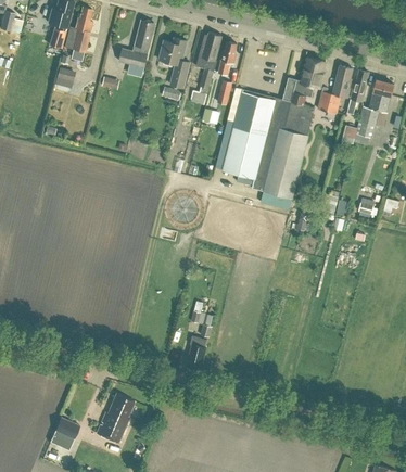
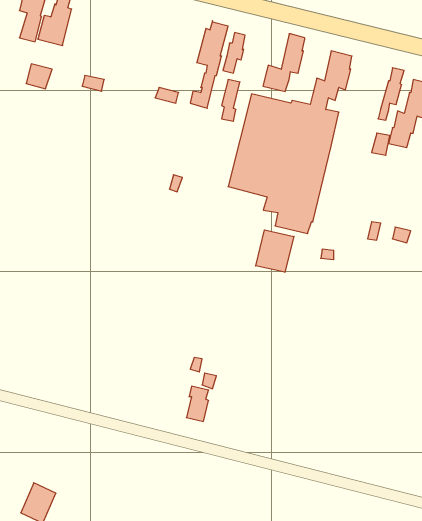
building: [119,21,153,67] -> none
building: [158,38,189,88] -> none
building: [317,65,352,113] -> [263,34,305,91]
building: none -> [256,230,294,272]
building: [97,395,132,443] -> none

